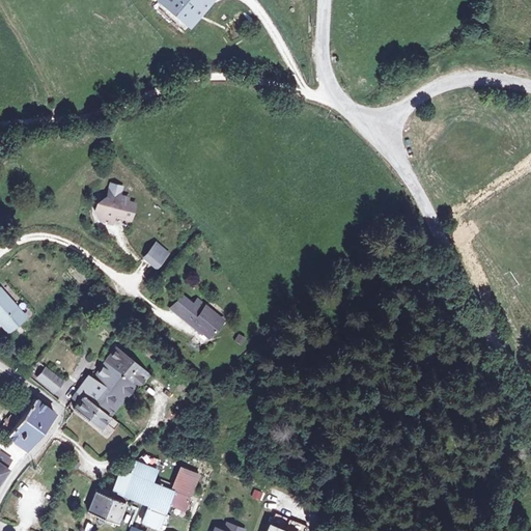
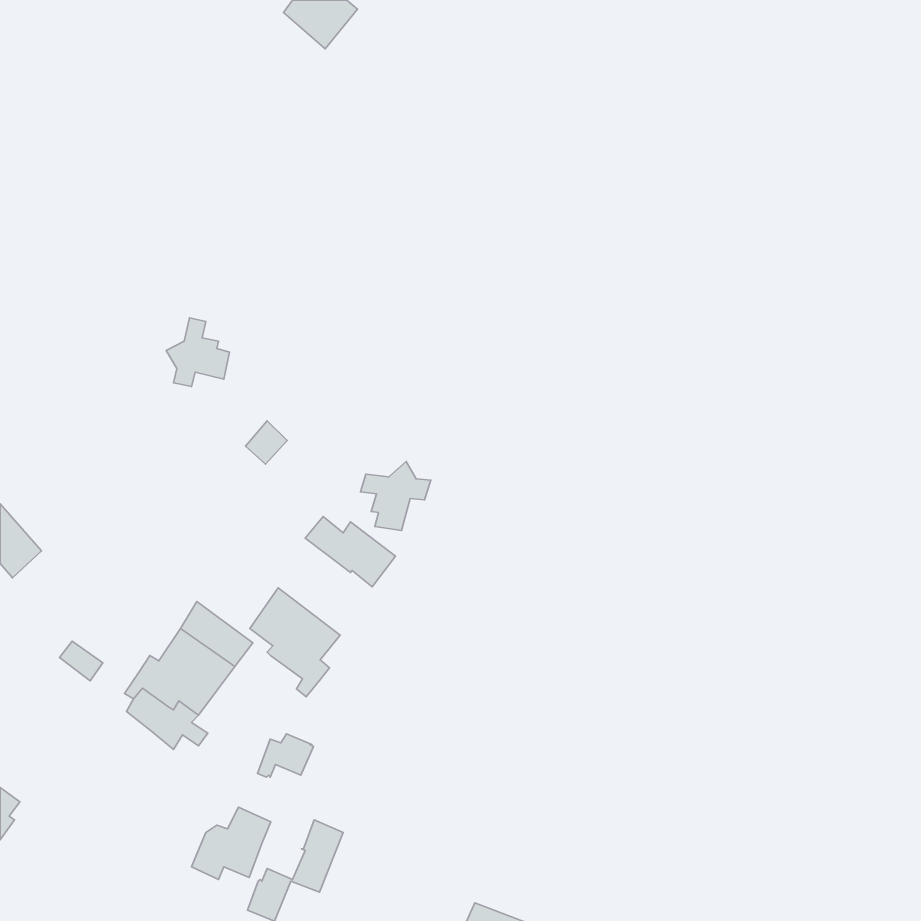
building: none -> [360,462,431,530]
building: none -> [250,588,340,697]
building: [6,399,55,451] -> none
building: [144,482,176,507] -> [258,734,313,777]
building: [89,492,127,526] -> none

